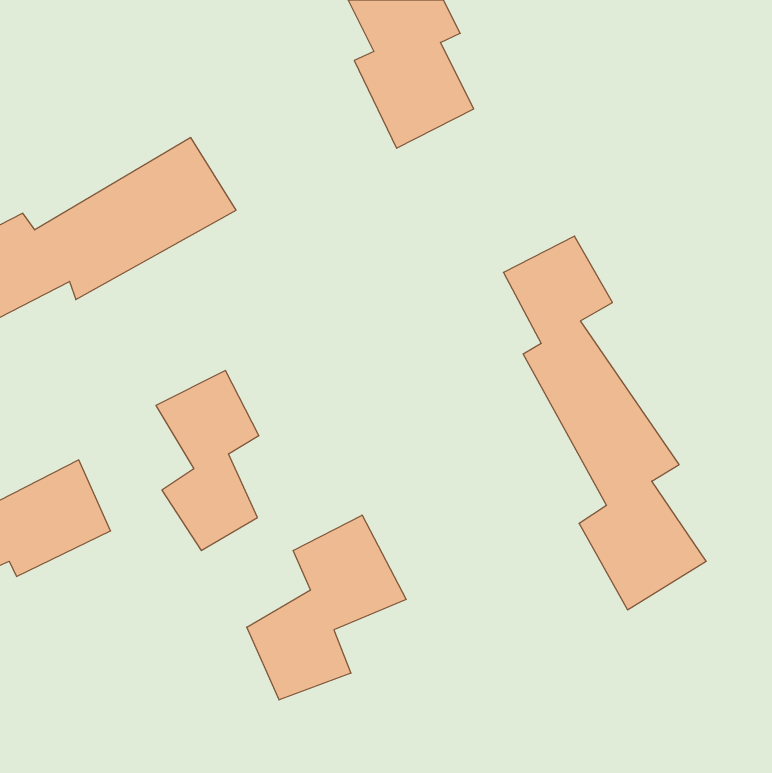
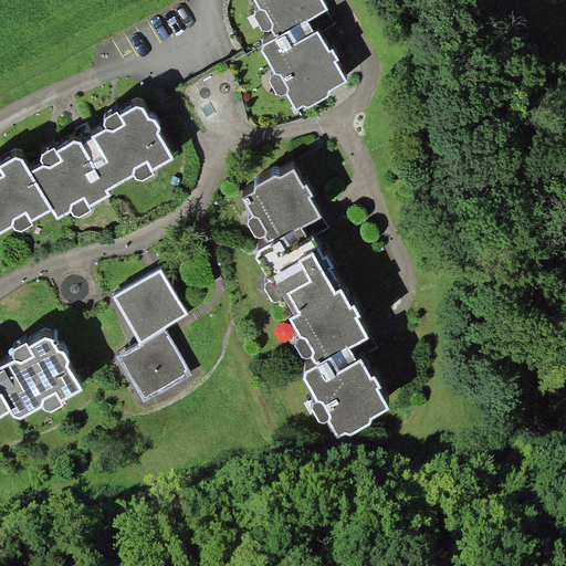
building: [503,236,706,610] -> [240,165,388,438]
building: [247,515,406,700] -> none

